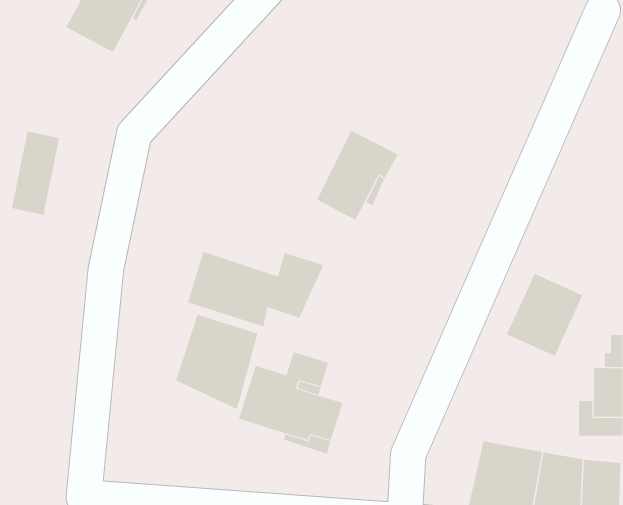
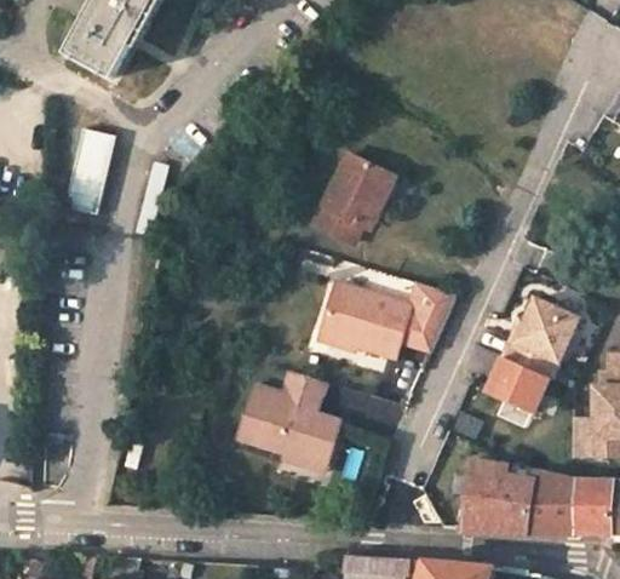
building: [11,131,60,215] -> [67,130,115,213]
building: [187,251,324,327] -> [320,283,455,359]
building: [175,314,258,410] -> none
building: none -> [486,355,550,411]

